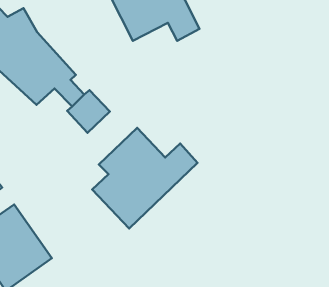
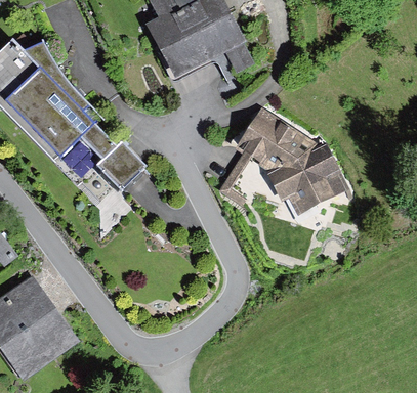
building: none -> [234,106,347,215]
building: [92,128,198,229] -> none

